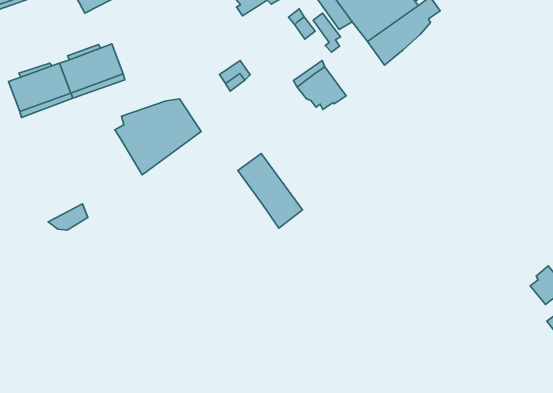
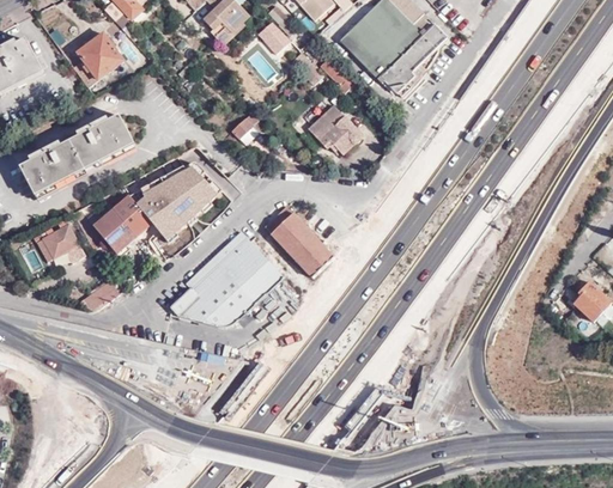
building: none -> [86,194,151,252]
building: none -> [36,224,78,261]
building: none -> [170,231,281,327]

